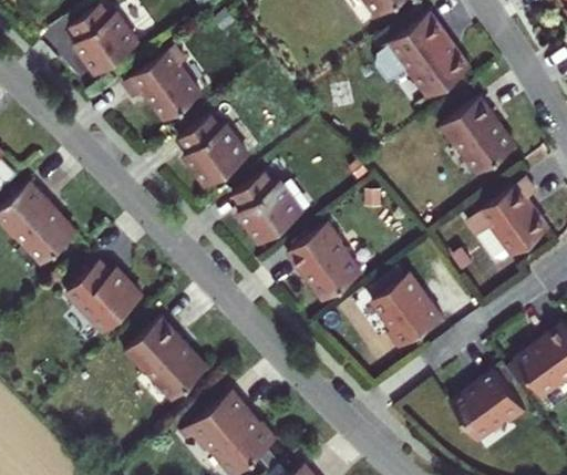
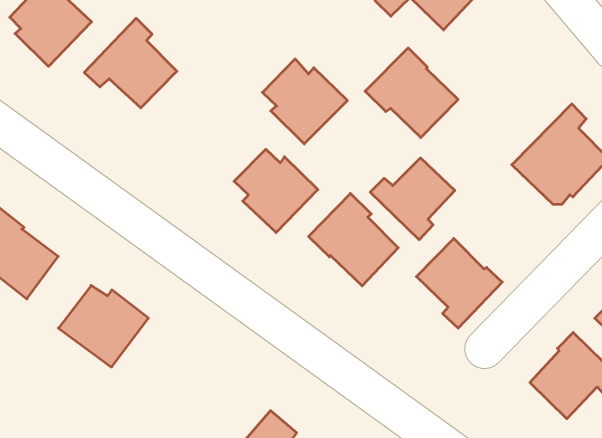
building: [440,97,516,174] -> [365,48,458,138]
building: [179,115,249,187] -> [262,59,347,144]
building: none -> [370,158,455,240]
building: [125,317,207,400] -> none

